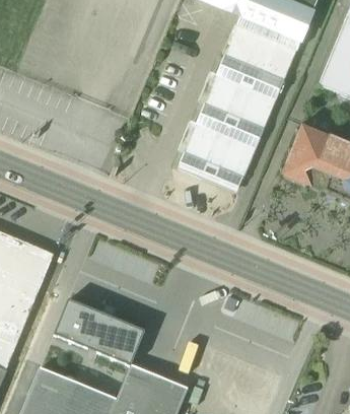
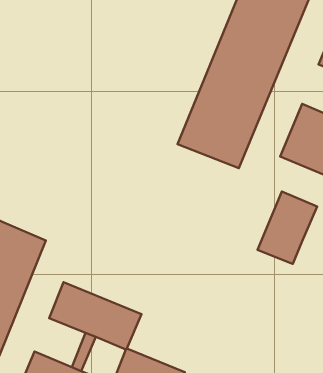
building: none -> [257,191,317,264]

